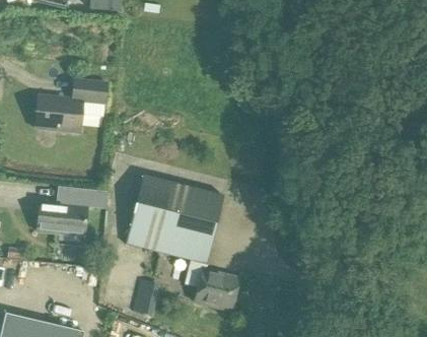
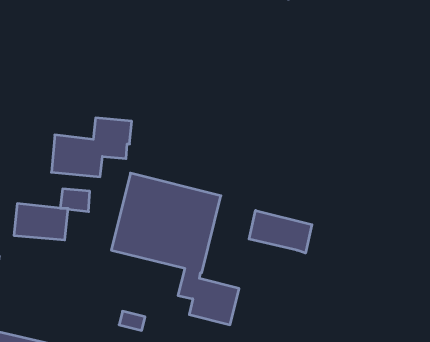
building: [35,79,108,132] -> [51,118,132,177]
building: none -> [249,210,312,253]

